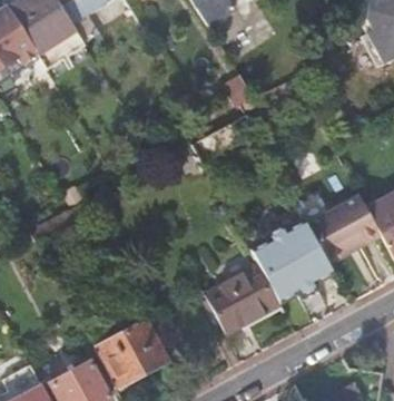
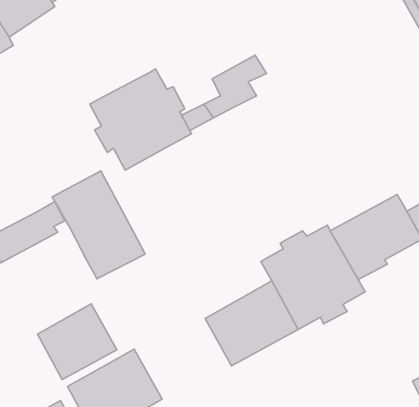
building: none -> [90,69,192,170]
building: none -> [52,171,145,279]
building: none -> [37,304,117,379]

